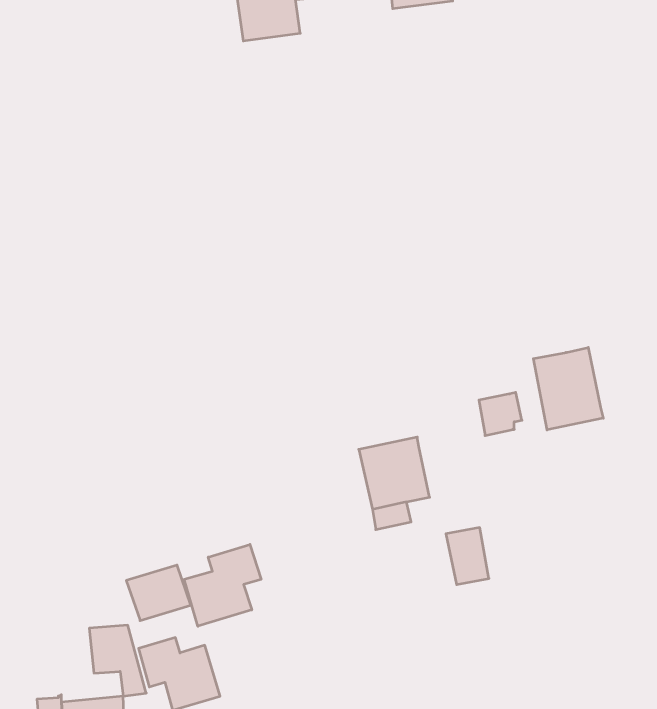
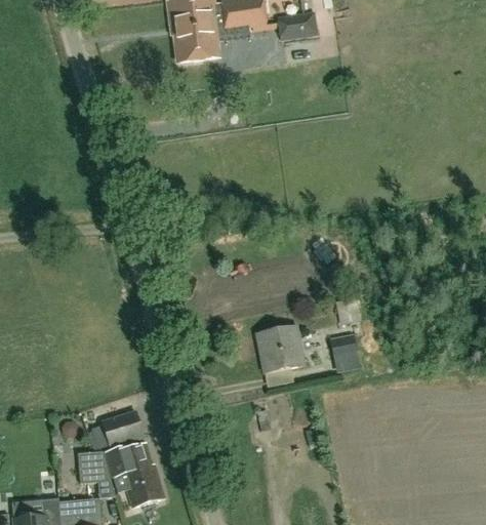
building: [533,347,603,430] -> none
building: [446,528,489,585] -> [330,333,359,371]
building: [184,544,261,626] -> none

